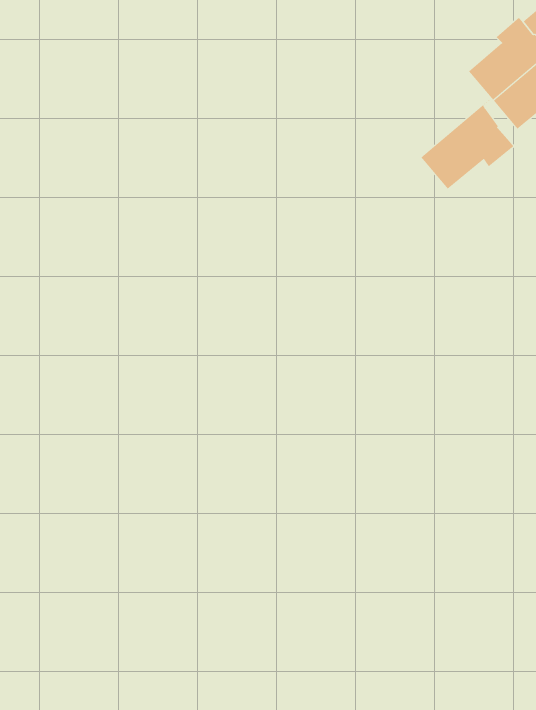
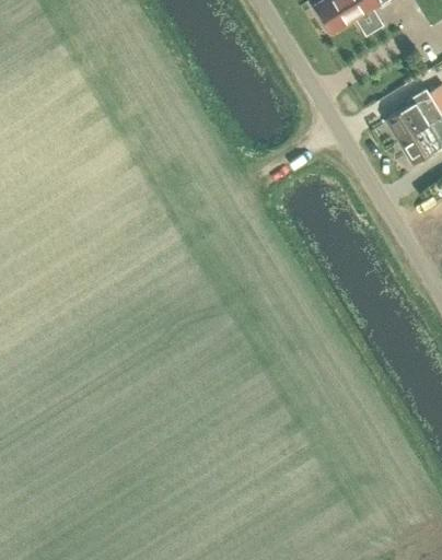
building: [421,99,514,190] -> none

